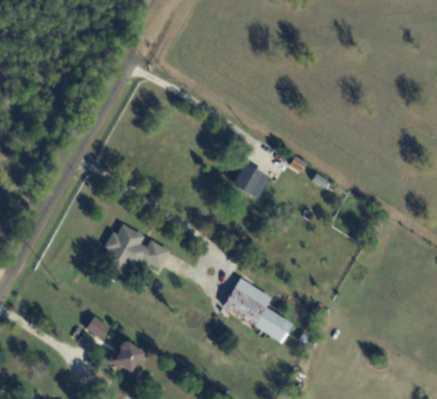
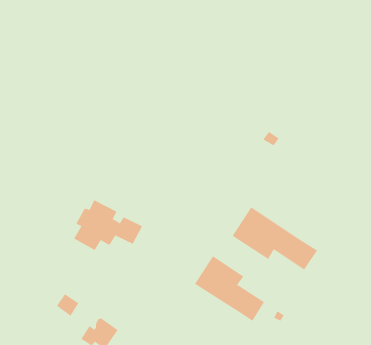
building: [232,164,268,198] -> none
building: none -> [232,207,318,271]

